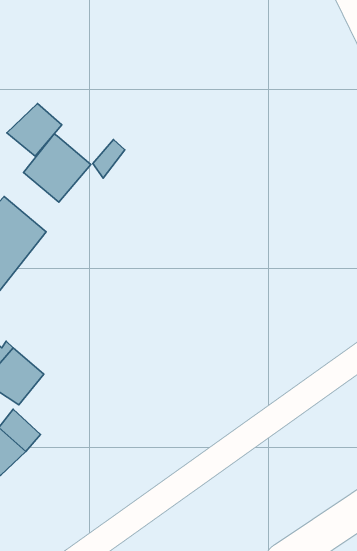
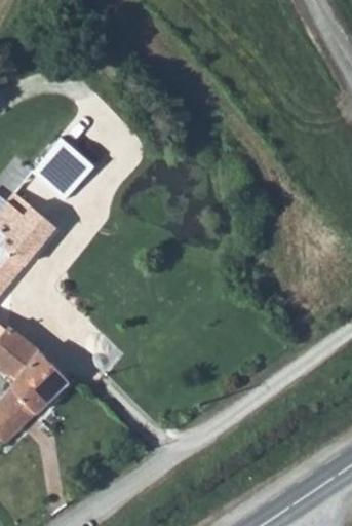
building: [7,103,62,156] -> none
building: none -> [15,354,65,409]

